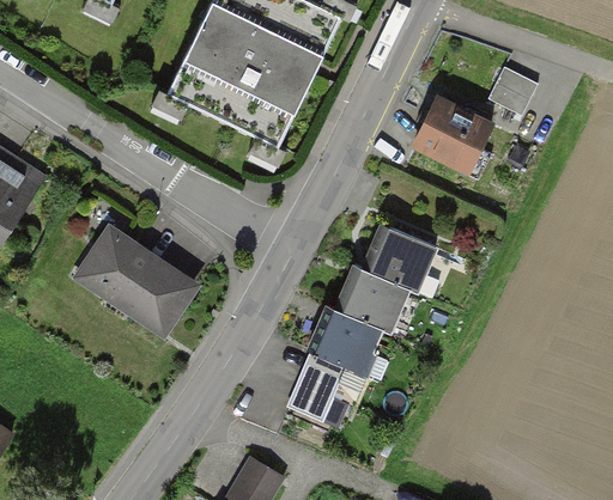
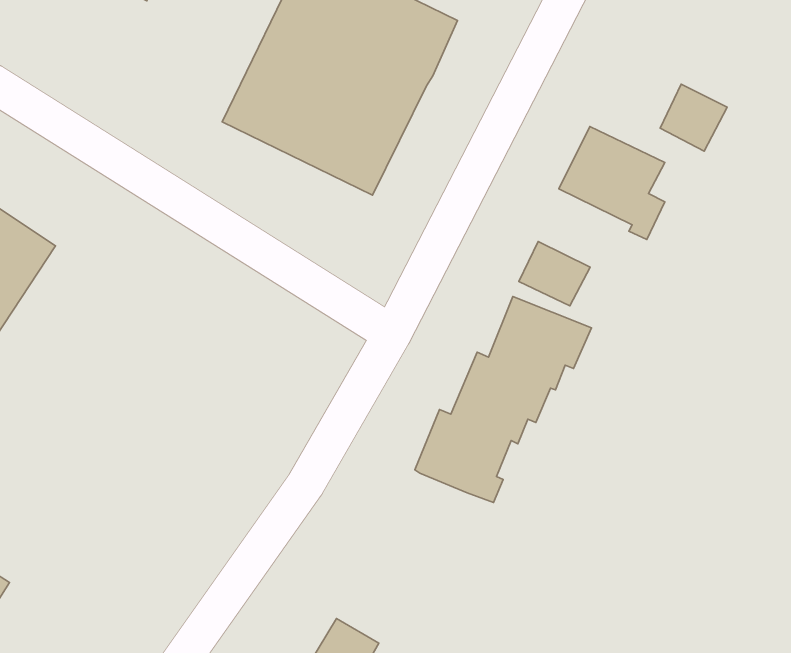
building: none -> [519,242,590,306]
building: [80,228,194,329] -> none
building: [289,350,348,426] -> none

